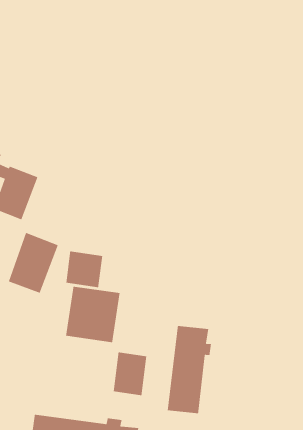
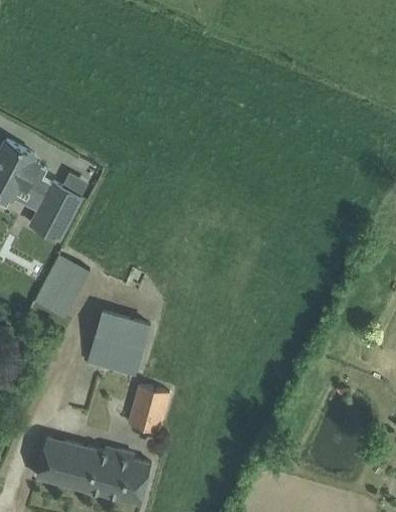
building: [65,250,103,288] -> none
building: [167,325,212,414] -> none

